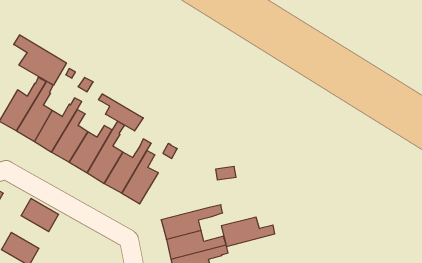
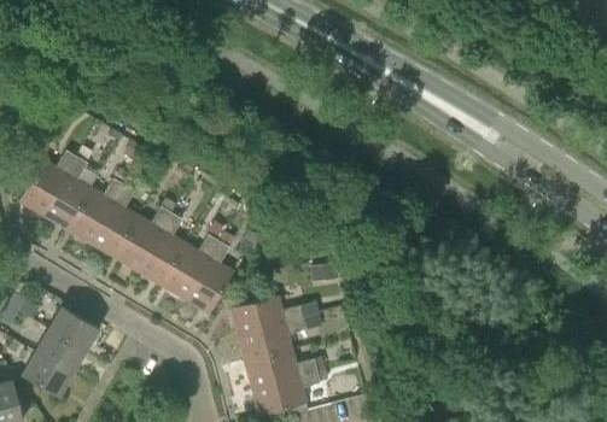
building: [14,35,66,85] -> none
building: [99,94,143,131] -> none
building: none -> [34,328,84,373]
building: [221,217,275,246] -> [229,294,302,334]

